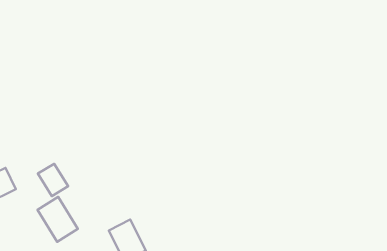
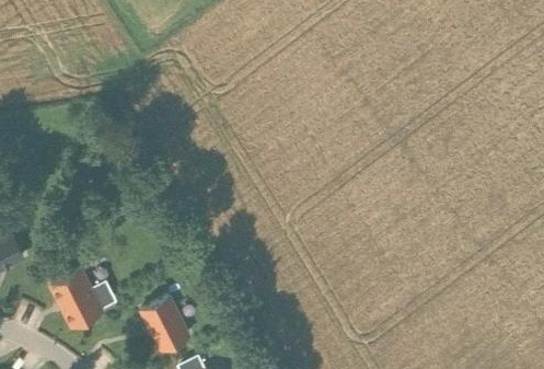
building: [38,164,68,196] -> none

